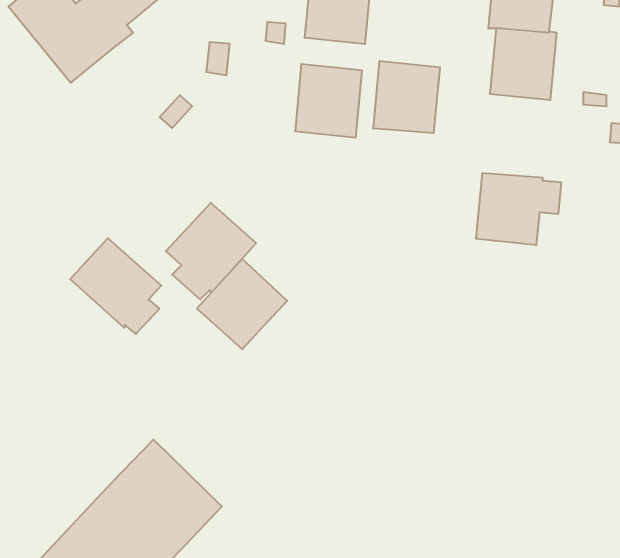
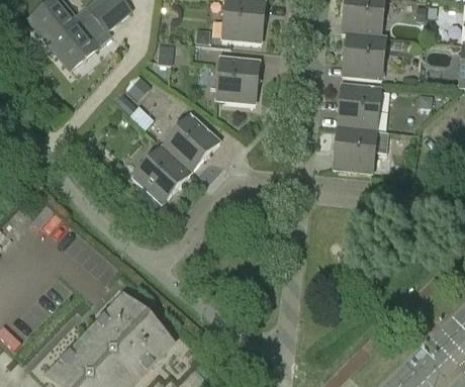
building: [373,61,440,133] -> [337,83,380,129]
building: [70,238,161,334] -> none
building: [197,259,287,349] -> [161,113,219,172]

